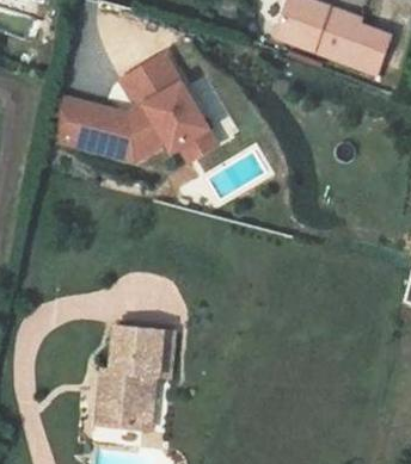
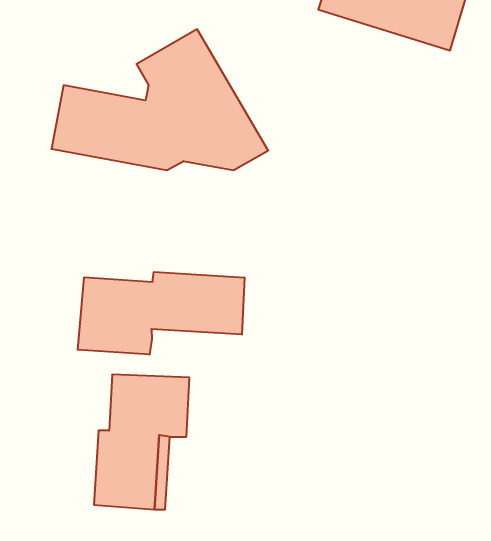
building: none -> [78,272,244,355]

